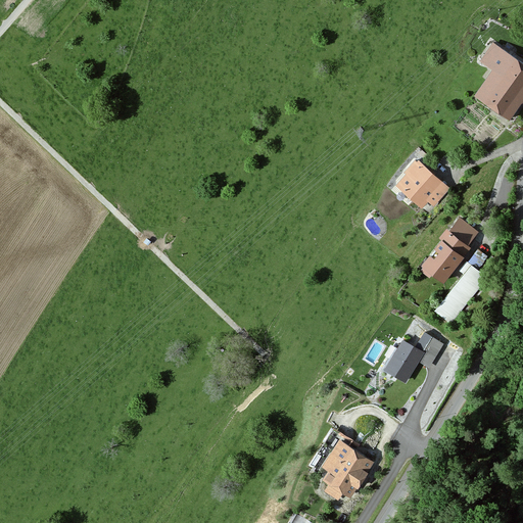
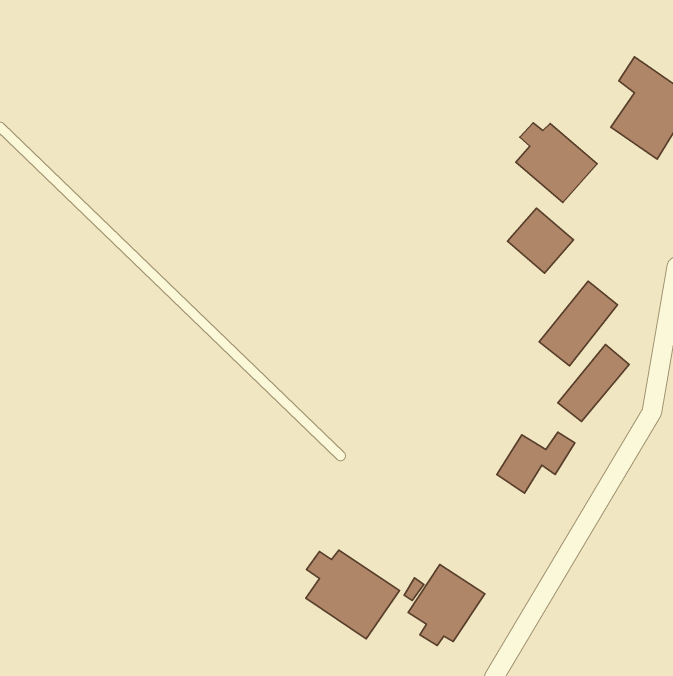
building: none -> [516,123,597,203]
building: none -> [306,550,399,639]

